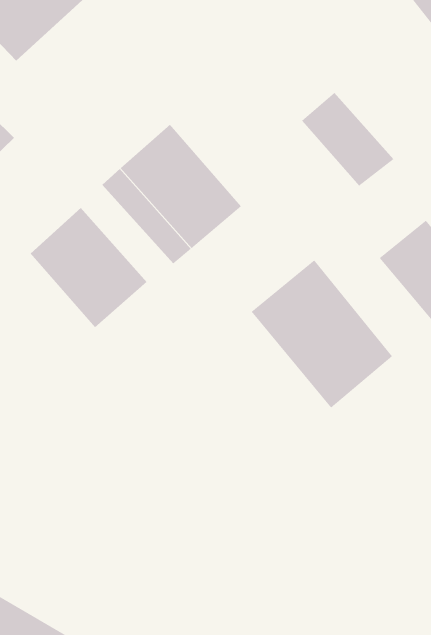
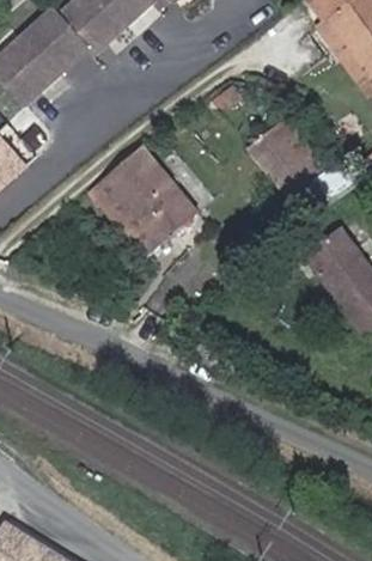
building: [30,207,148,328] -> none
building: [251,260,393,409] -> none

